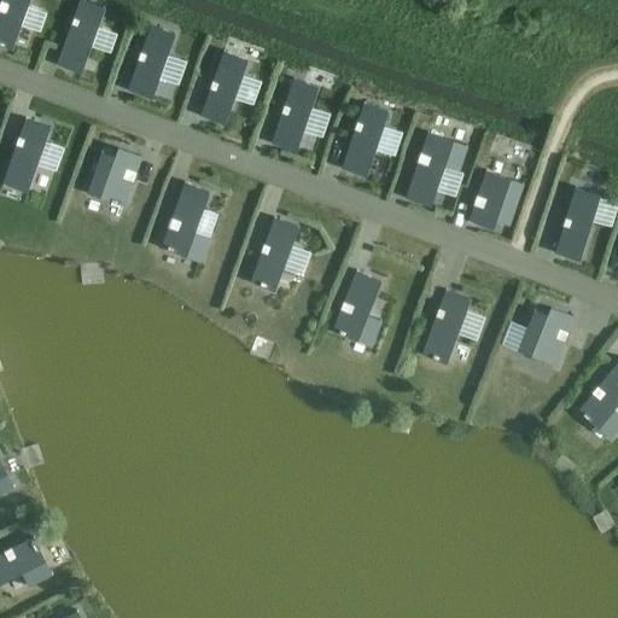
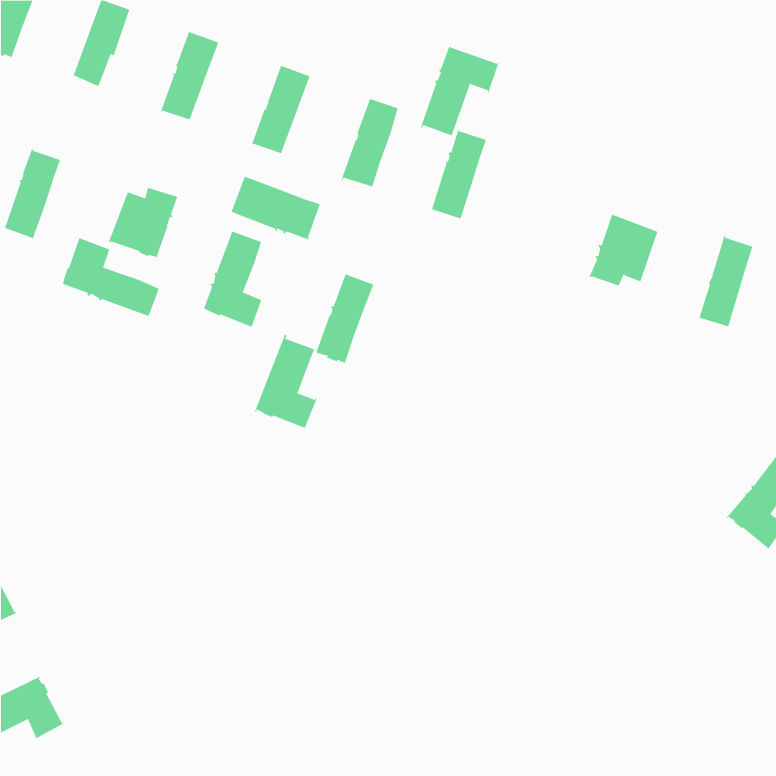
building: [406,133,468,205] -> [420,45,499,136]
building: none -> [229,176,321,240]
building: none -> [60,236,160,318]
building: [332,270,383,348] -> [254,334,318,431]
building: [421,291,470,363] -> none
building: [518,309,576,367] -> none

